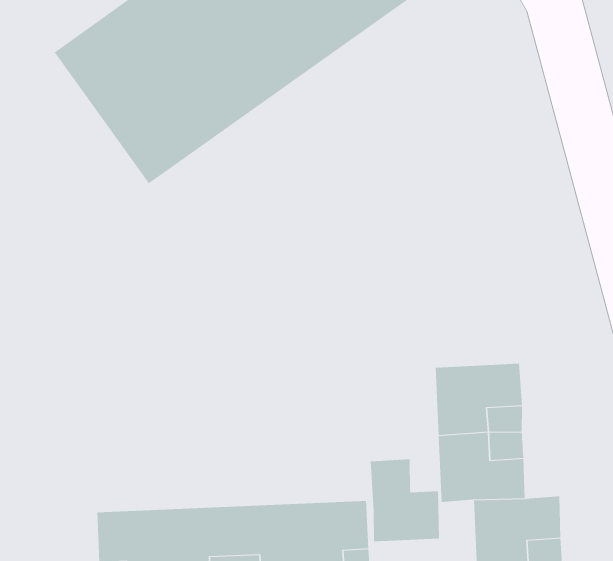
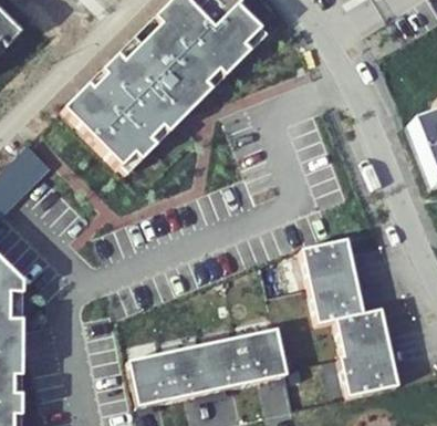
building: [370,459,439,542] -> none

